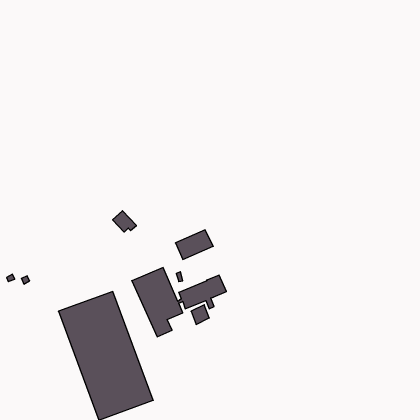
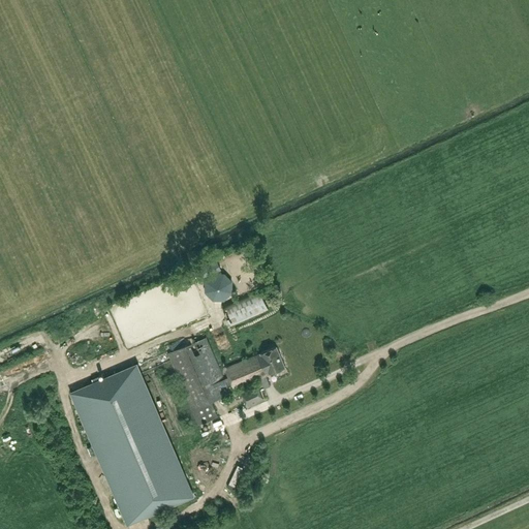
building: [113,211,136,232] -> [200,276,230,303]

